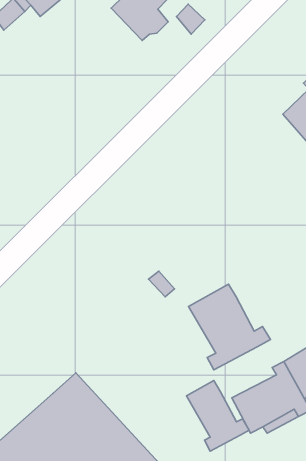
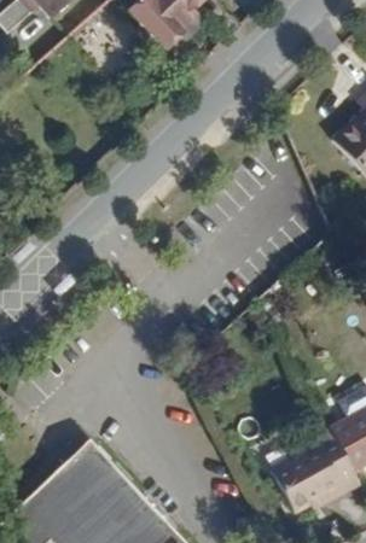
building: [188,284,270,370] -> none
building: [186,380,249,451] -> none

